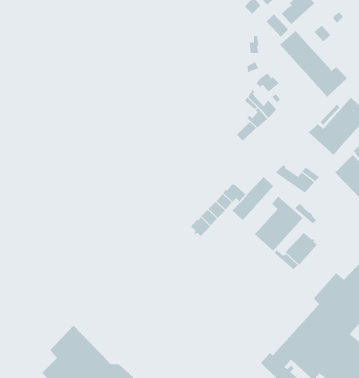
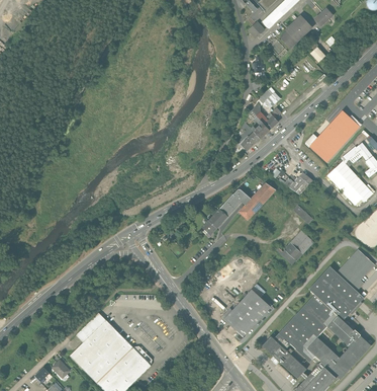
building: [279,30,348,98] -> none
building: [254,196,303,252] -> none
building: none -> [223,290,271,340]

